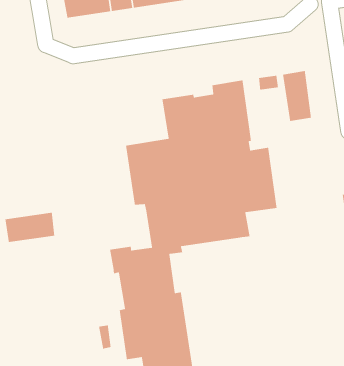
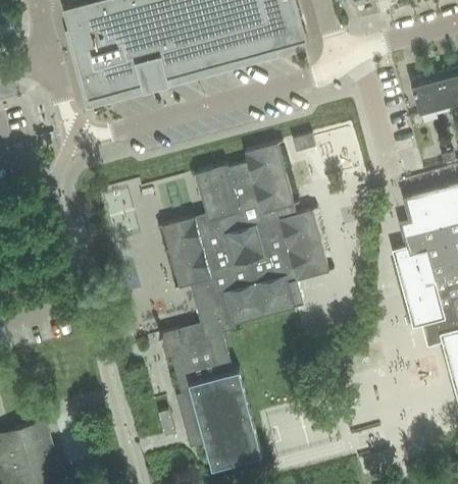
building: [5,212,55,243] -> none

